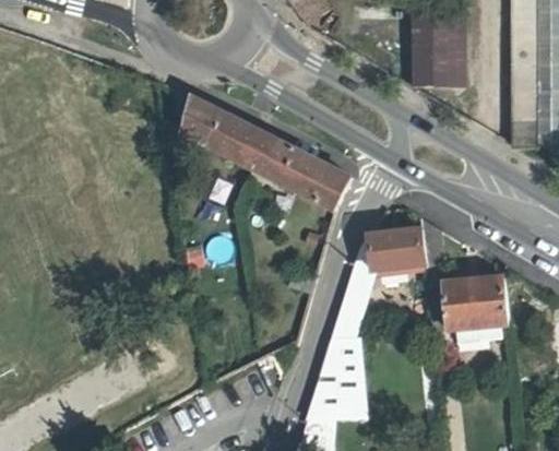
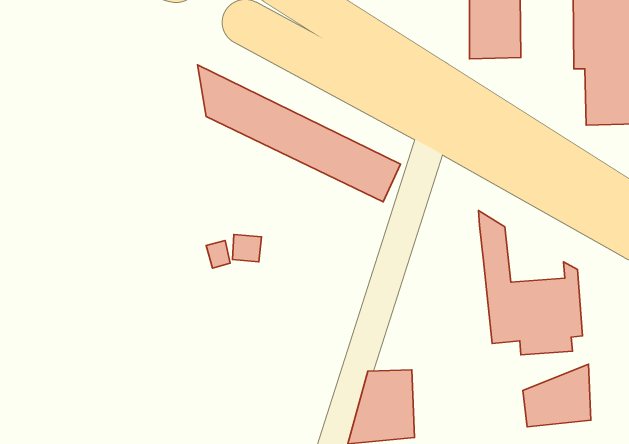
building: [326,232,427,358] -> none
building: none -> [523,364,591,427]

